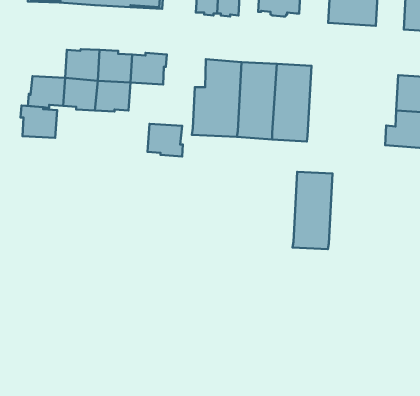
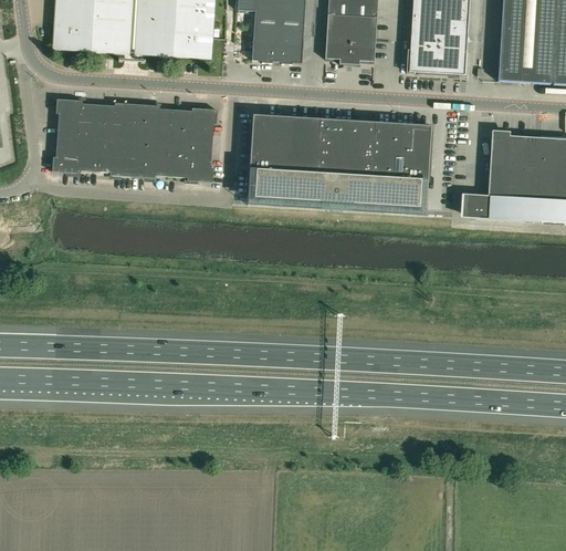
building: [21,105,57,138] -> [55,98,98,137]
building: [148,124,183,157] -> [171,143,213,181]
building: [292,172,333,249] -> [382,123,430,215]

